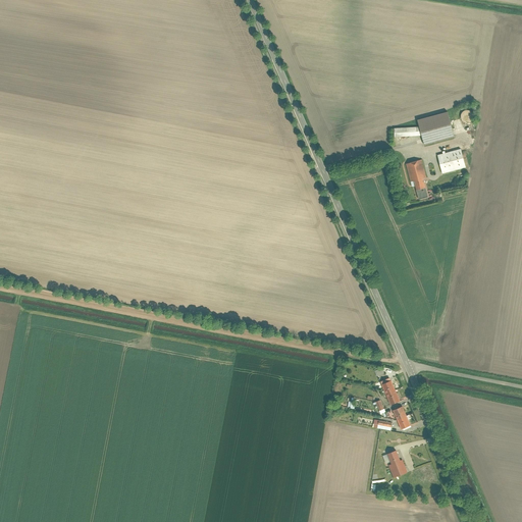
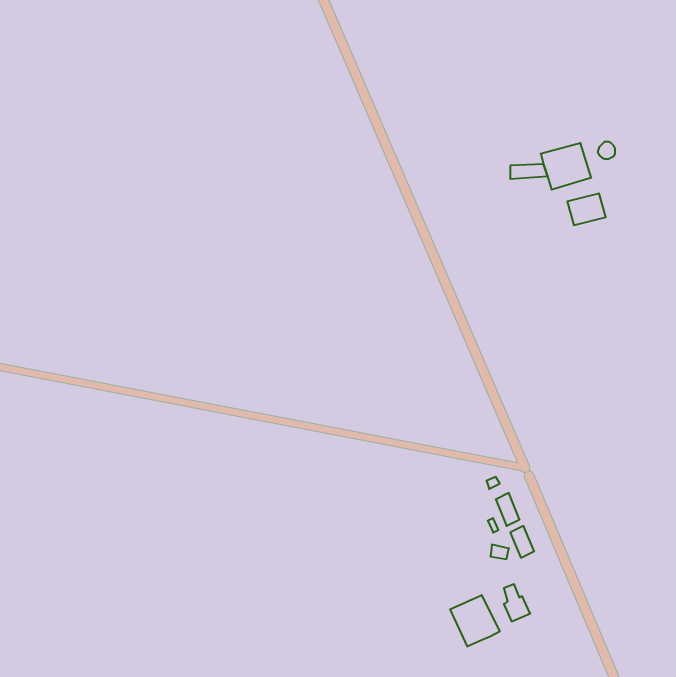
building: [404,159,429,198] -> none
building: none -> [450,595,500,647]

